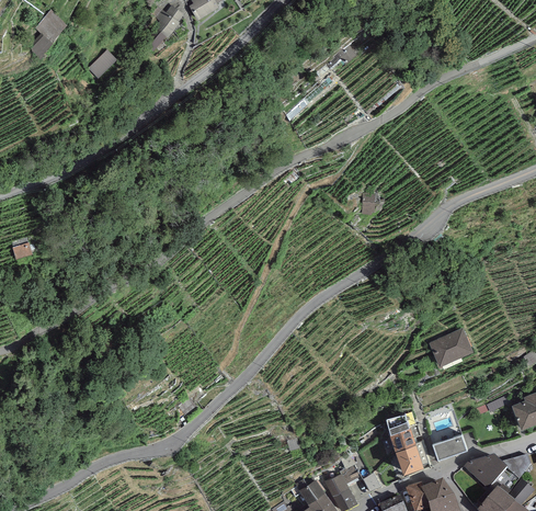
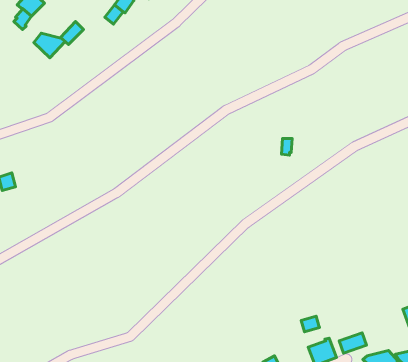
building: none -> [34,33,65,58]
building: [429,327,472,365] -> none
building: [389,423,422,452] -> none

